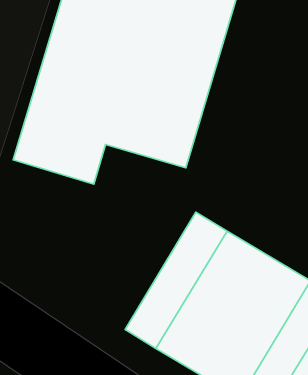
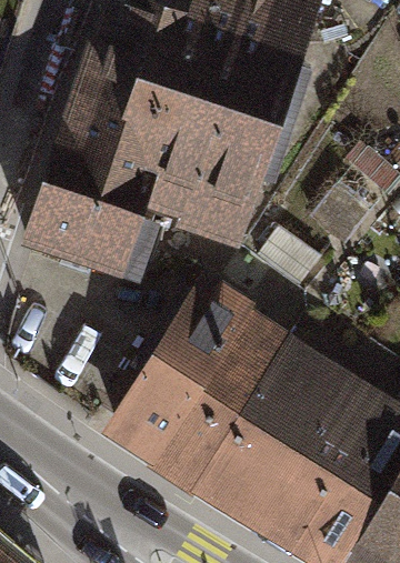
building: none -> [109,270,259,458]

